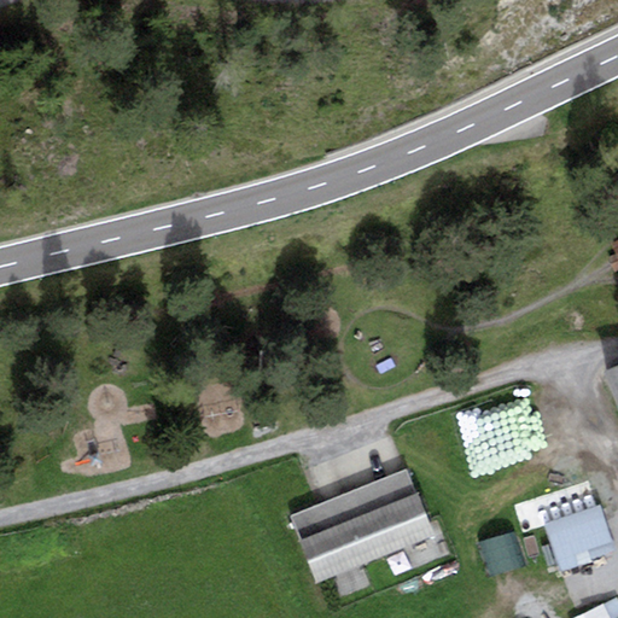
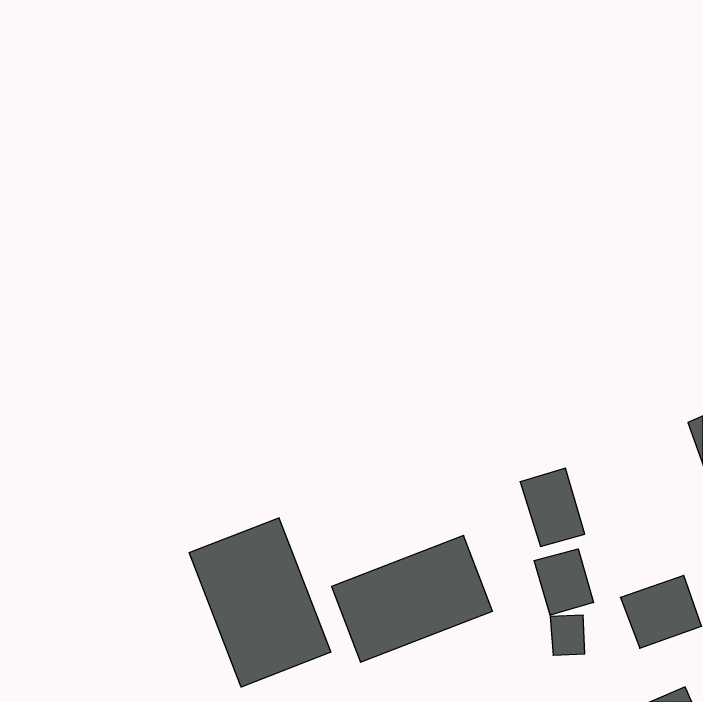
building: none -> [189,518,331,687]
building: none -> [534,549,594,615]

